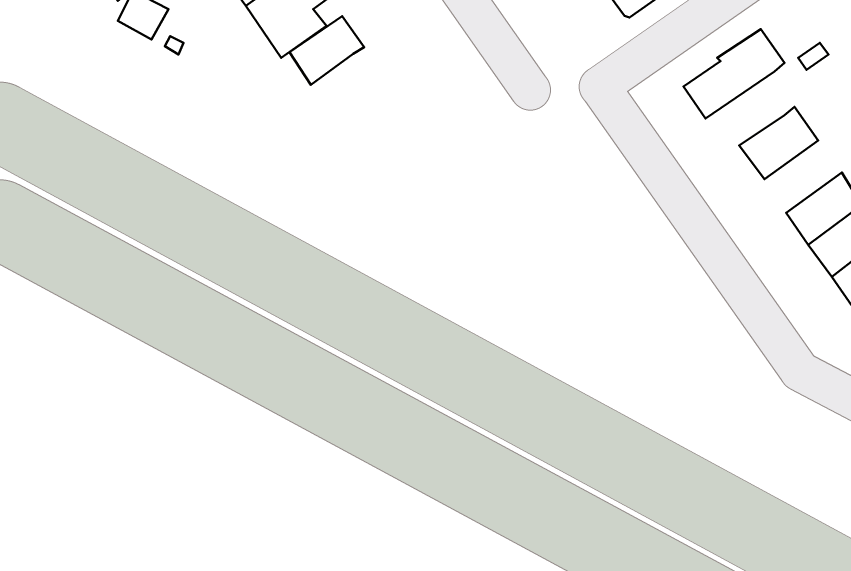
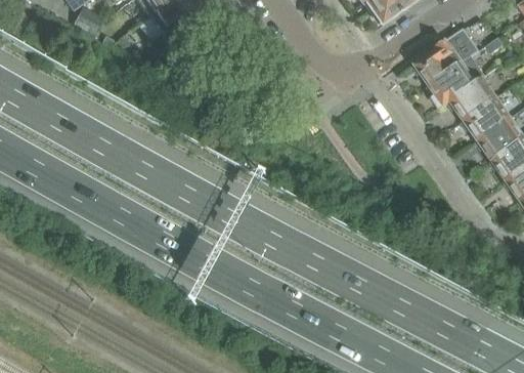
building: [289,16,364,85] -> none
building: none -> [429,54,485,103]
building: none -> [465,96,512,140]

